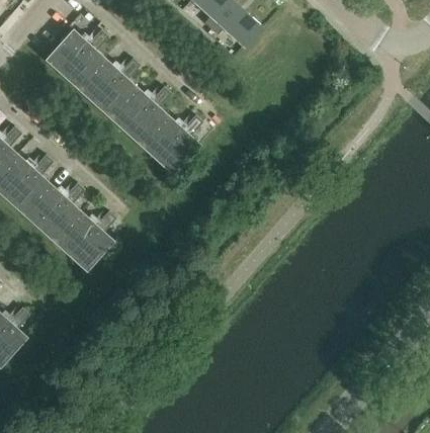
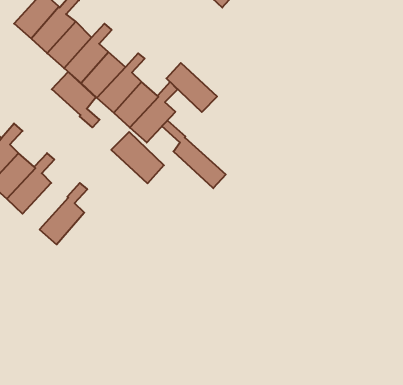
building: none -> [166,63,217,112]
building: none -> [52,72,100,127]
building: none -> [162,120,226,188]
building: none -> [111,132,164,183]
building: [54,211,97,256] -> none

